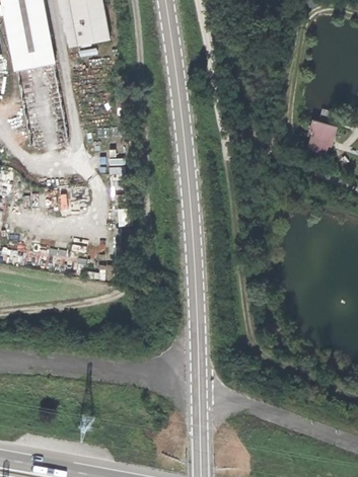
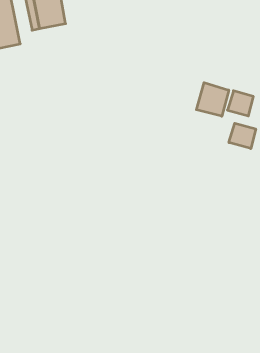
building: none -> [196,83,229,116]
building: none -> [229,123,256,149]

